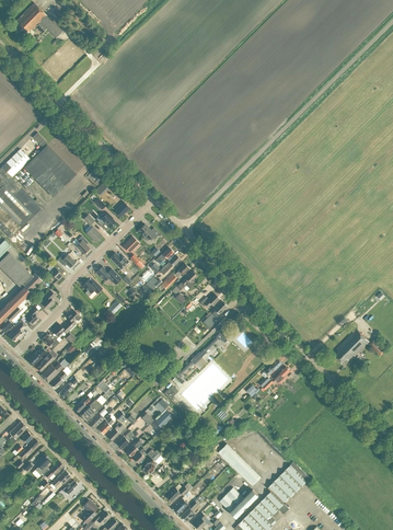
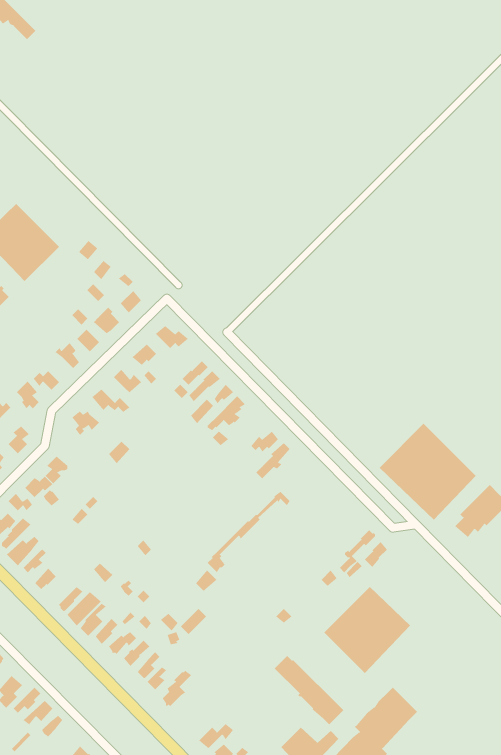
building: none -> [379,423,476,520]
building: none -> [324,586,411,674]

